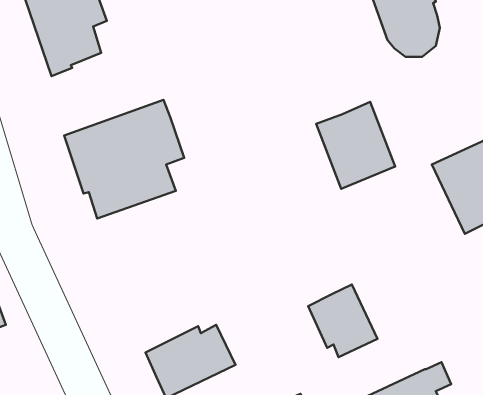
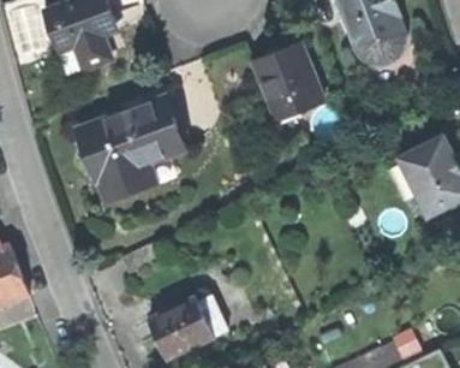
building: [316,102,395,189] -> [252,43,321,119]
building: [308,285,378,357] -> none

